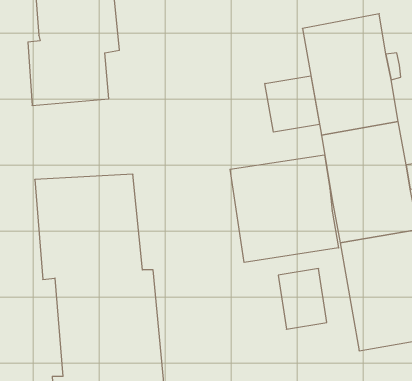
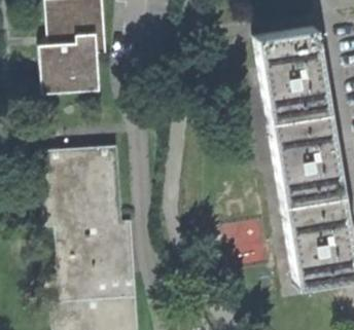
building: [265,76,319,132] -> none
building: [230,155,339,262] -> none

